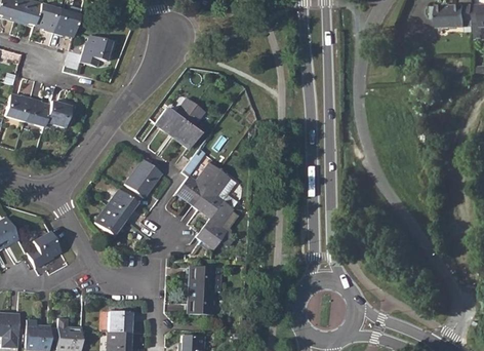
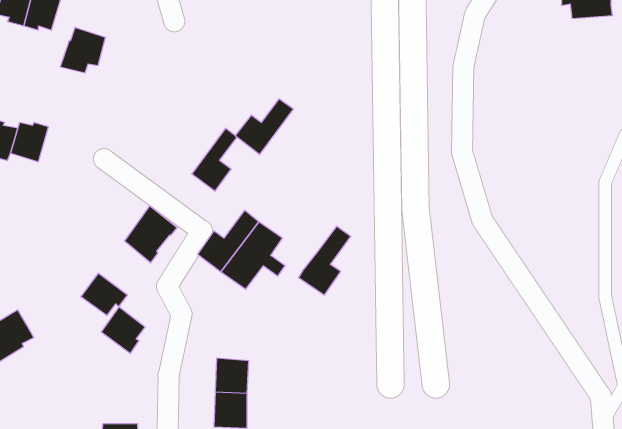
building: [155,98,196,137] -> [235,99,293,155]
building: [107,189,137,222] -> [101,307,145,354]
building: [196,201,233,249] -> [298,226,351,295]

